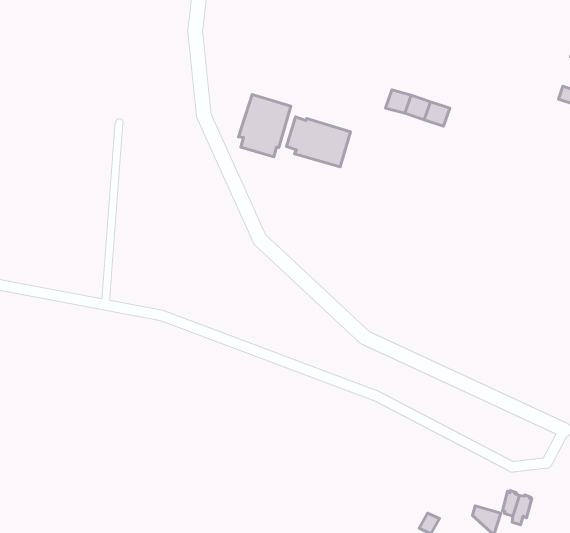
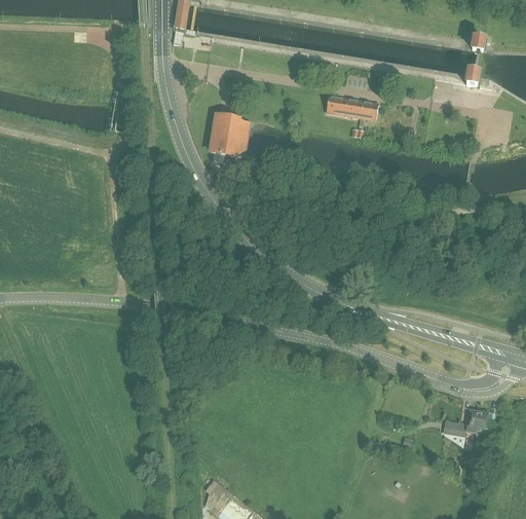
building: [286,117,351,167] -> none

